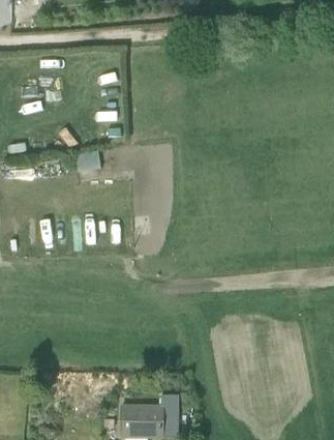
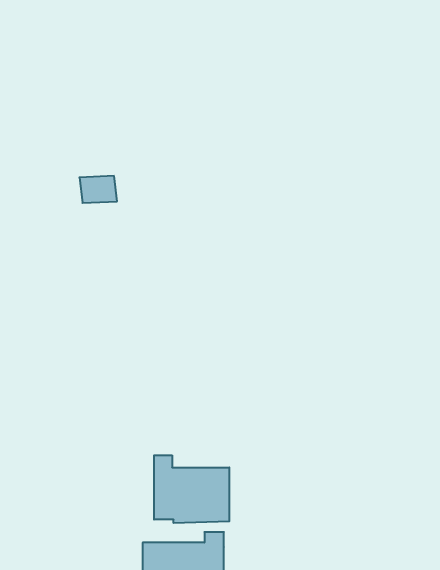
building: none -> [154,455,229,523]

